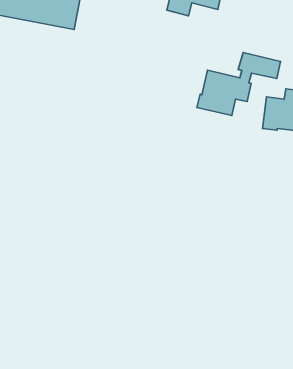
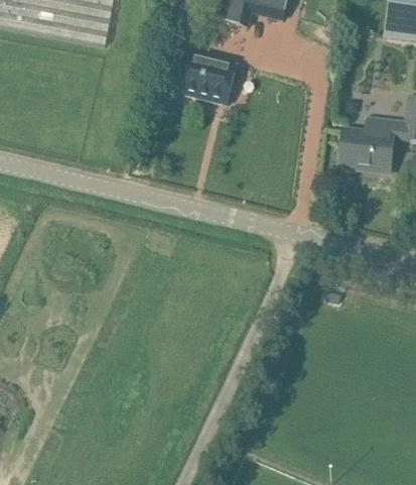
building: none -> [180,52,237,103]
building: [197,52,281,116] -> none

